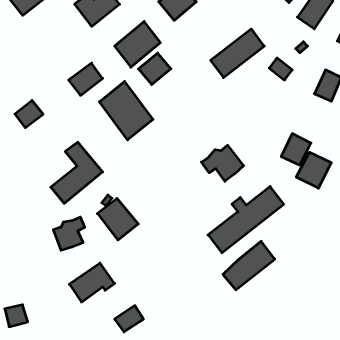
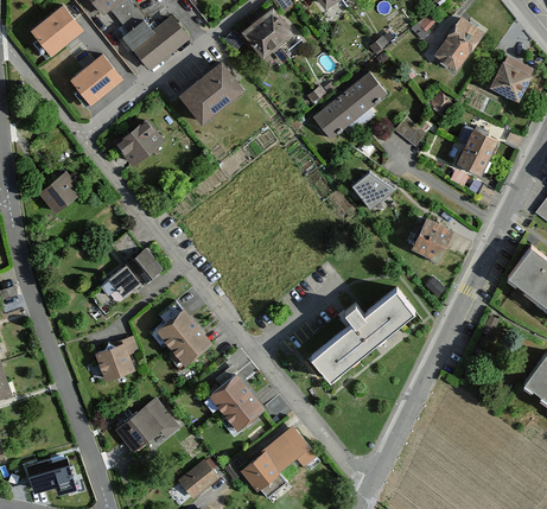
building: none -> [71,56,120,103]
building: [138,53,171,85] -> none
building: [99,81,153,140] -> none
building: none -> [350,173,394,208]
building: [201,145,244,181] -> none
building: [296,152,331,188] -> none
building: [223,241,275,290] -> [238,424,311,491]
building: none -> [208,374,265,431]

